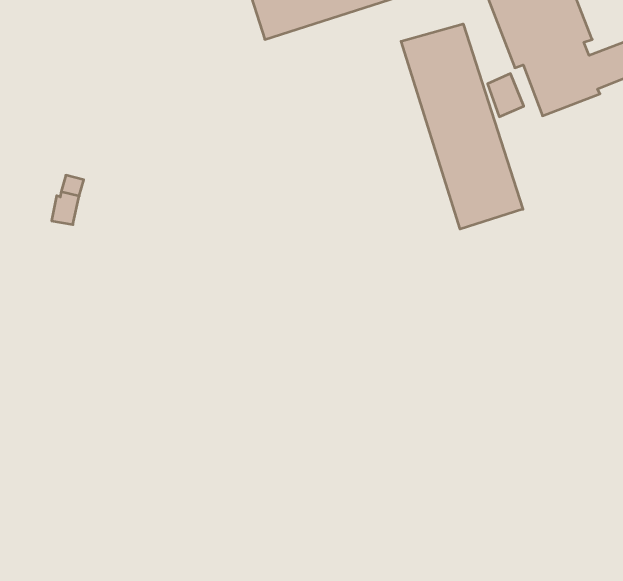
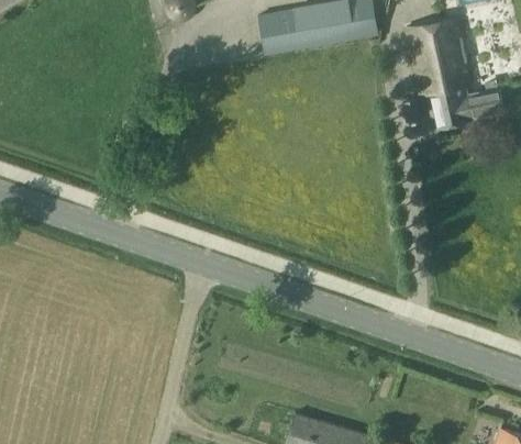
building: [401,24,523,229] -> none

